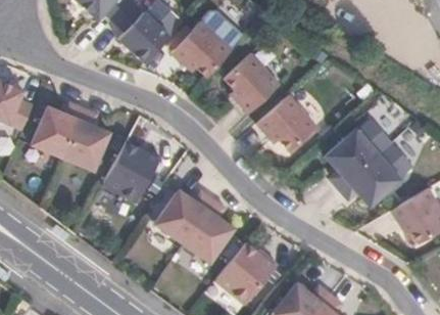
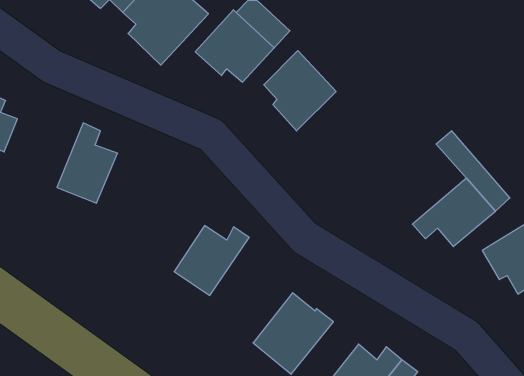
building: [256,93,317,150] -> none
building: [31,102,84,159] -> none
building: [326,125,381,187] -> none
building: [103,136,160,203] -> none
building: [182,197,235,262] -> none

